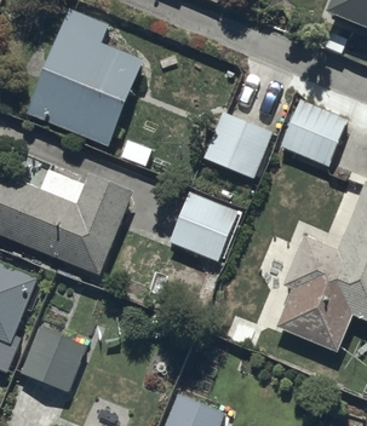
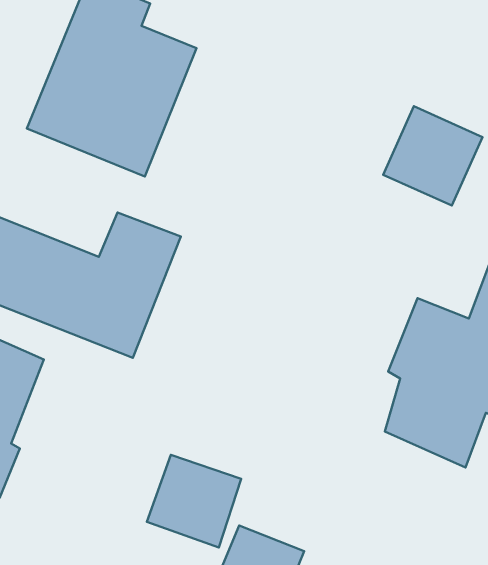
building: [200,110,271,177] -> none
building: [170,190,243,264] -> none
building: [19,327,86,392] -> [147,455,241,547]

